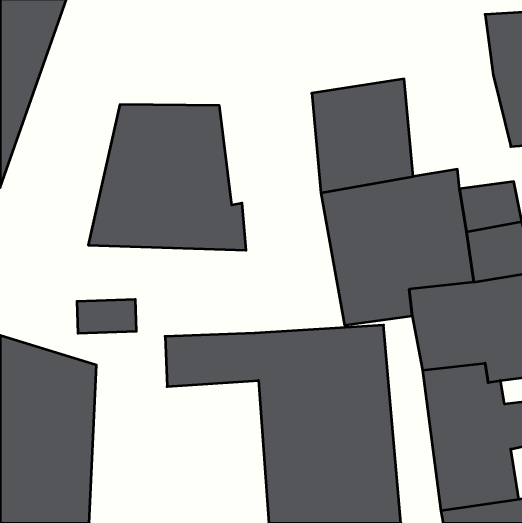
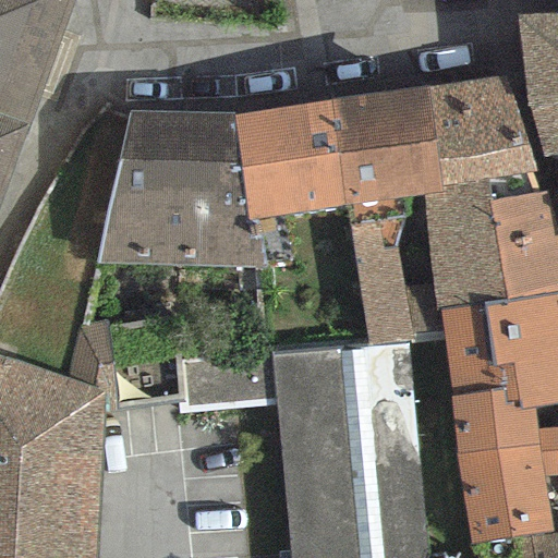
building: none -> [432,74,537,187]
building: none -> [235,99,343,218]

